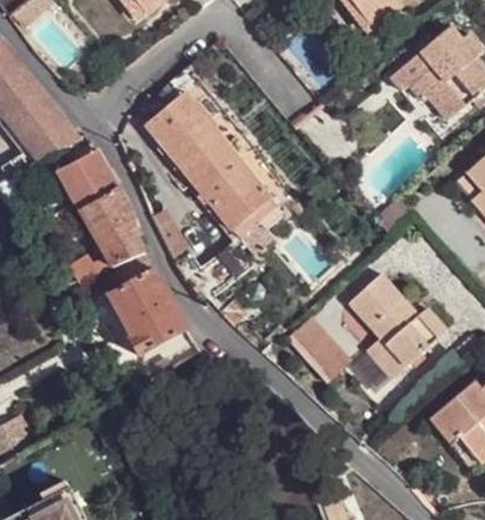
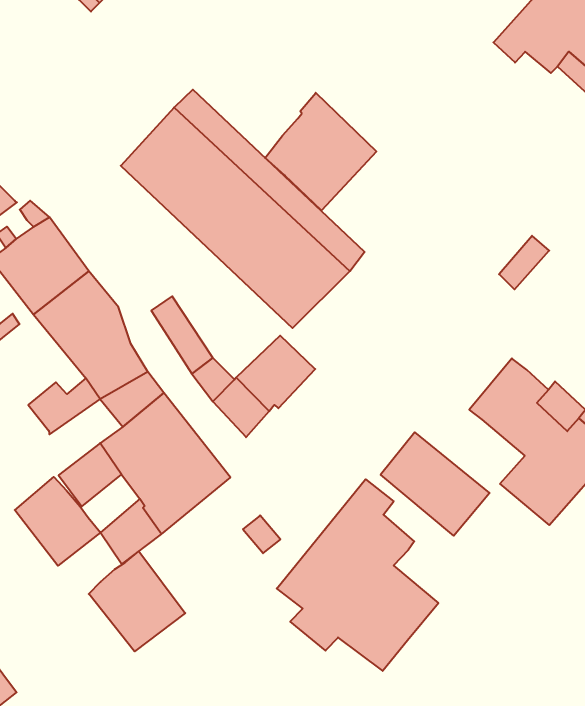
building: none -> [265,93,376,211]
building: none -> [15,477,100,566]
building: none -> [277,479,438,671]
building: none -> [89,551,185,651]

